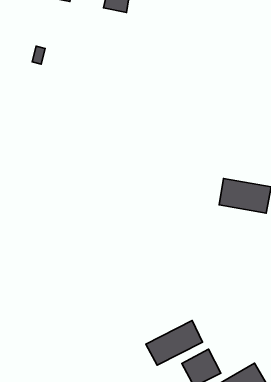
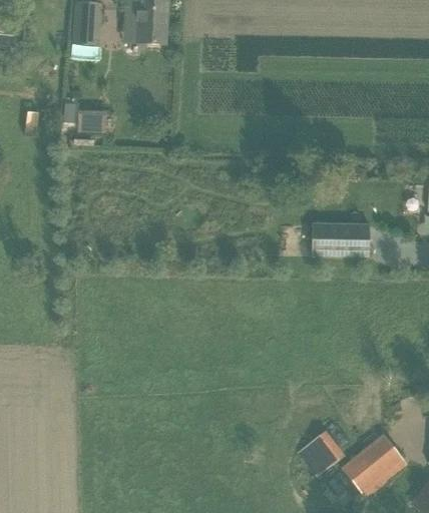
building: none -> [79,108,107,131]
building: [146,320,203,365] -> none

